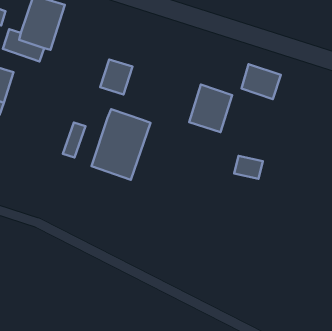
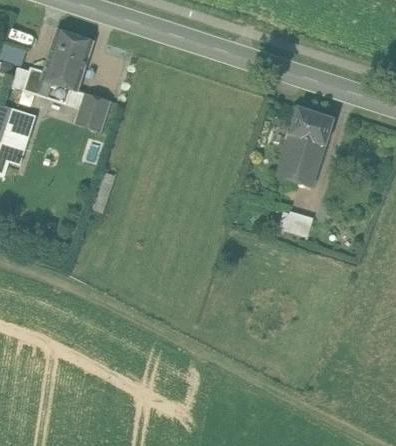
building: [100,59,132,94] -> [73,93,109,132]
building: [189,84,232,132] -> [275,134,323,187]
building: [91,109,150,180] -> none

